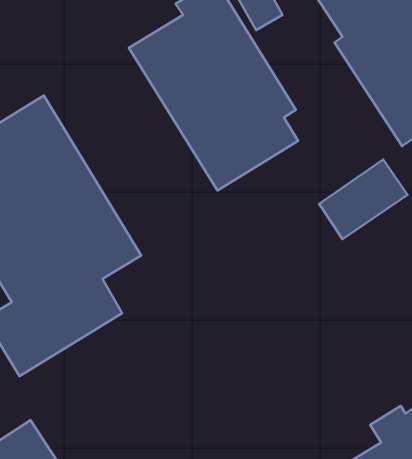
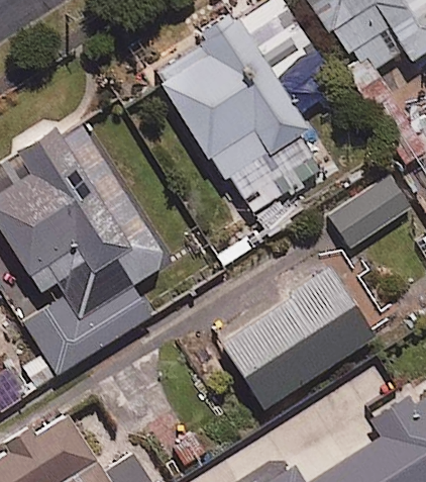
building: none -> [219,259,376,408]

